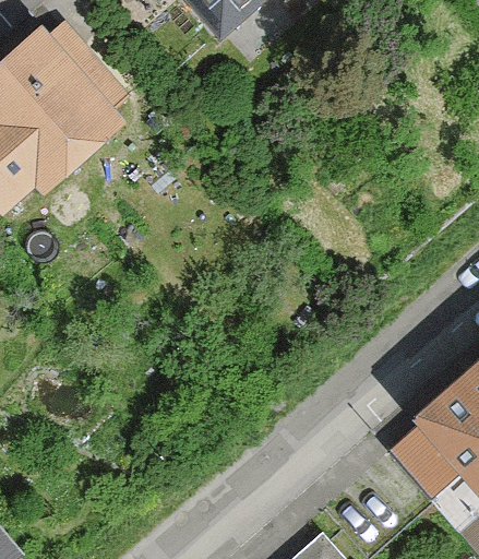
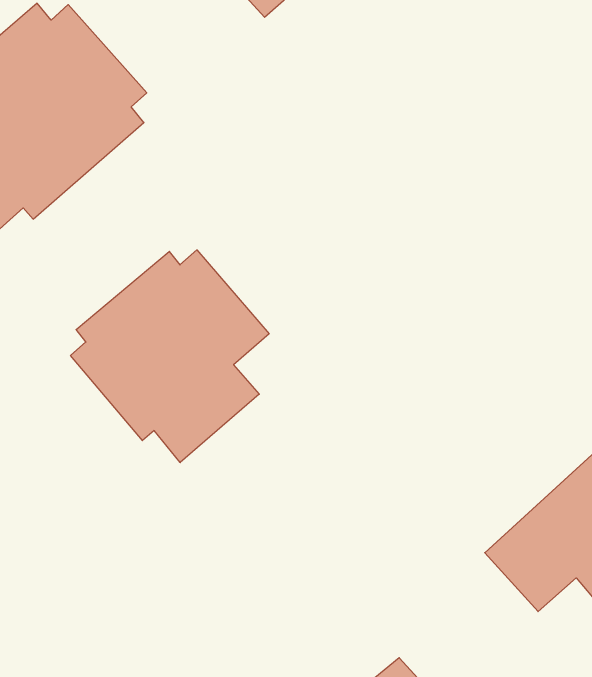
building: none -> [71,250,269,463]

